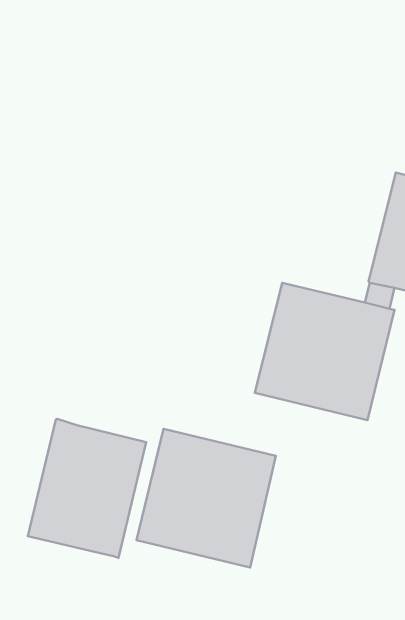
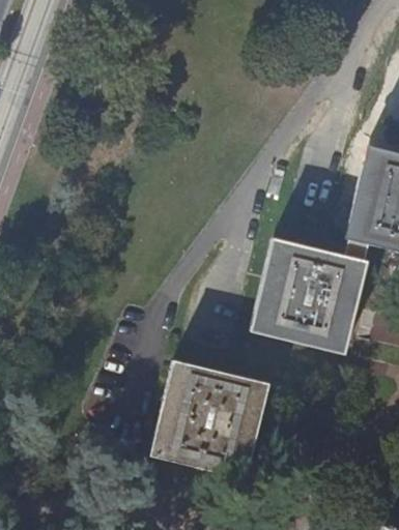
building: [28,419,146,558] -> none

